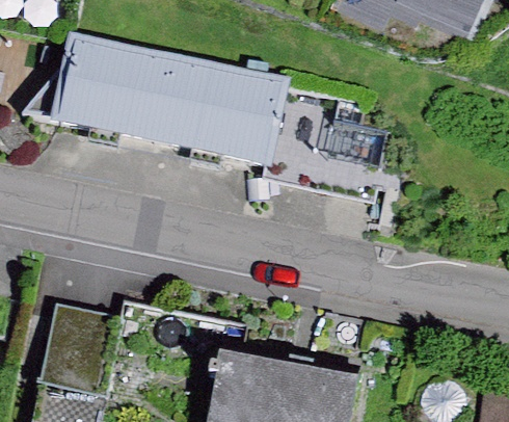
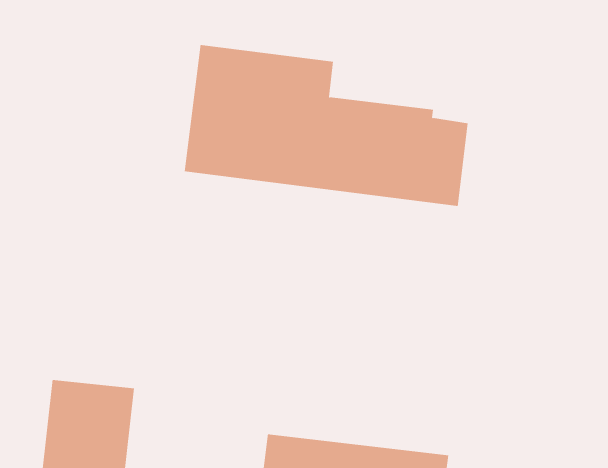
building: [54,30,187,150] -> none

